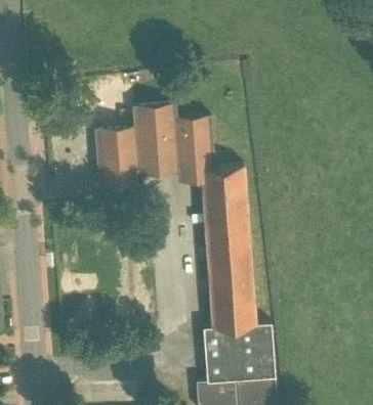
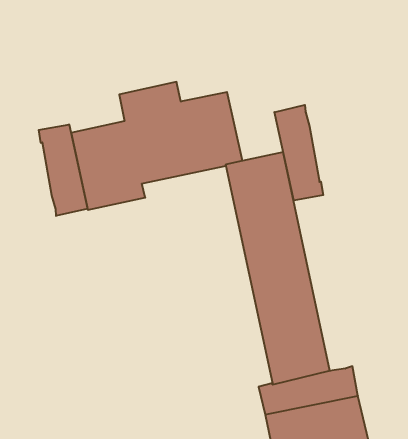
building: none -> [39,124,88,216]
building: none -> [274,105,323,200]

